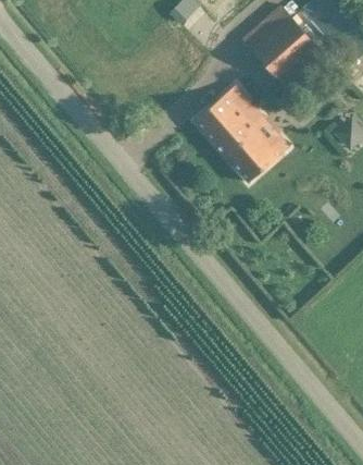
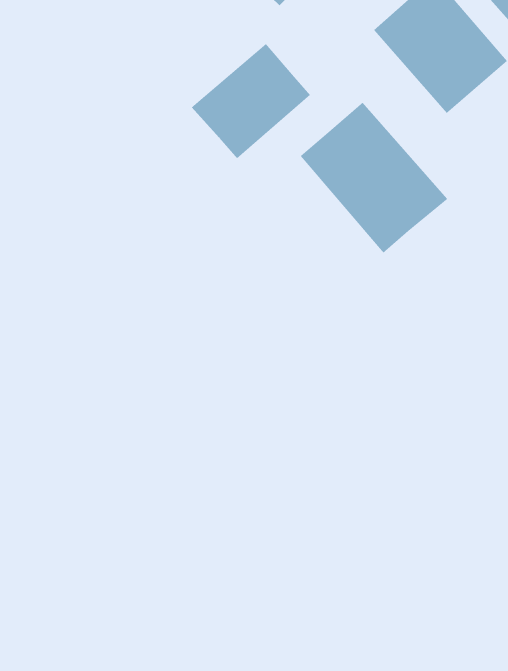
building: none -> [191,43,311,159]

